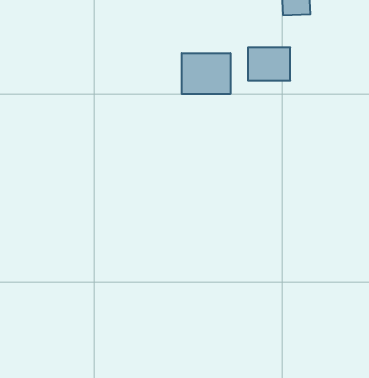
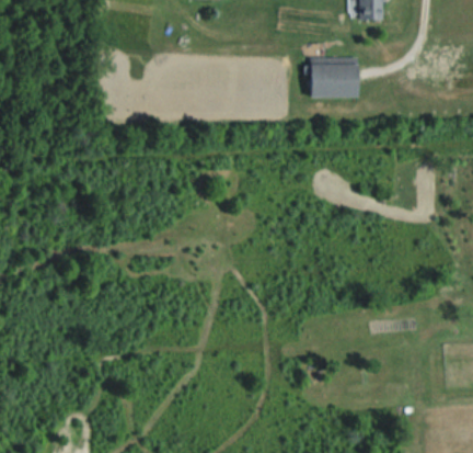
building: [182,53,230,94] -> none

